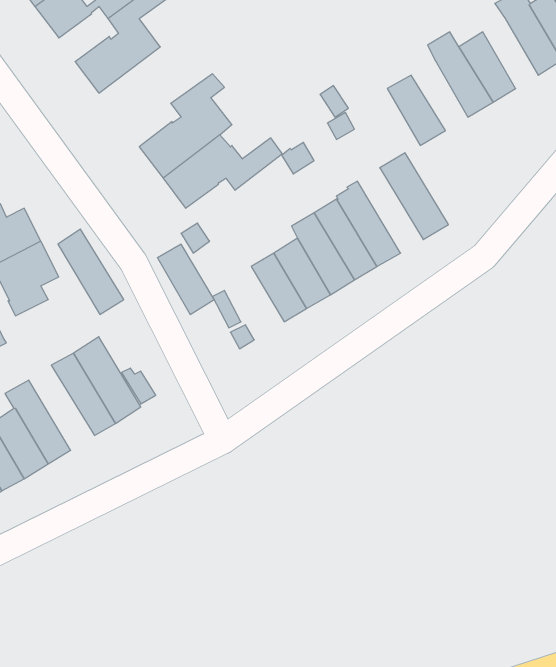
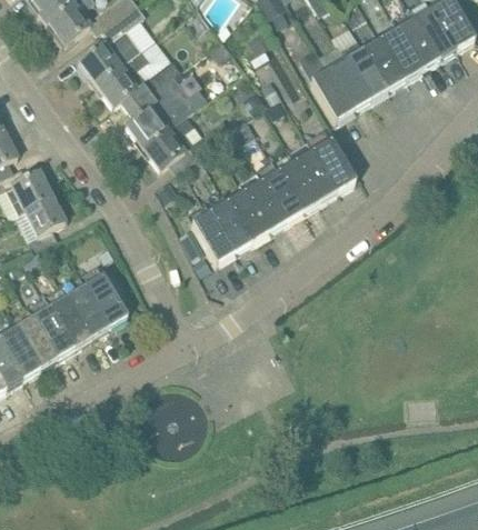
building: none -> [381,27,422,79]
building: none -> [96,48,180,104]
building: none -> [328,58,370,110]
building: none -> [288,138,337,201]
building: [58,229,124,314] -> [43,284,92,348]
building: [157,244,214,314] -> [191,211,233,263]

